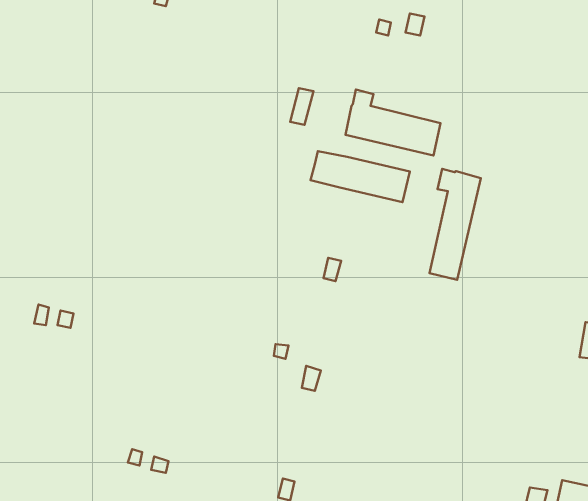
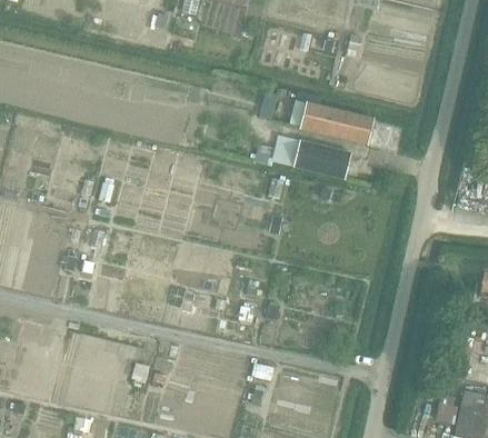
building: [430,169,481,280] -> none

